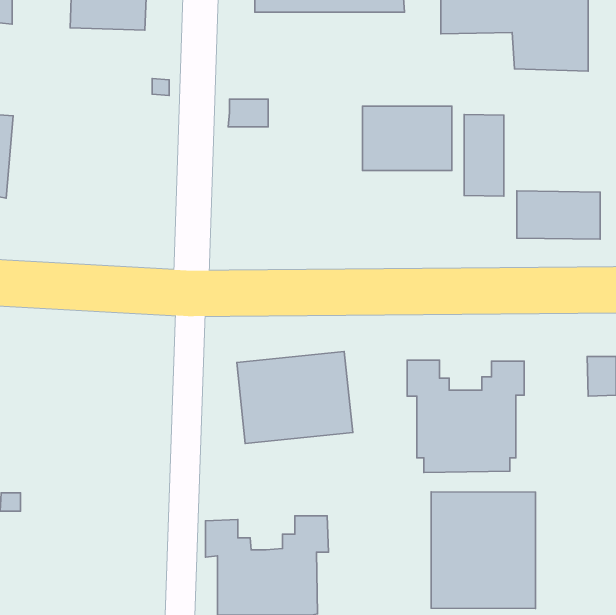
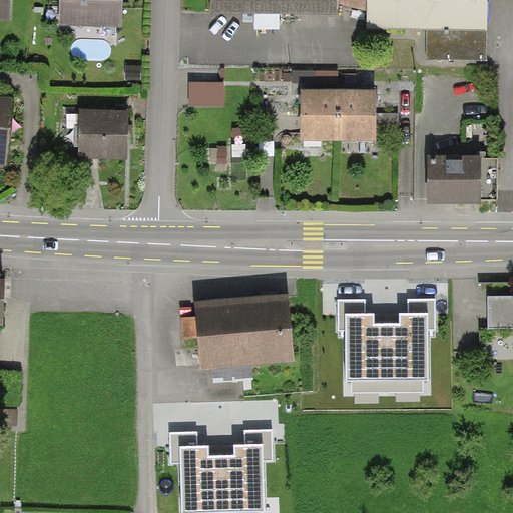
building: [464,115,504,196] -> none
building: none -> [76,108,126,157]
building: [431,492,536,609] -> none

